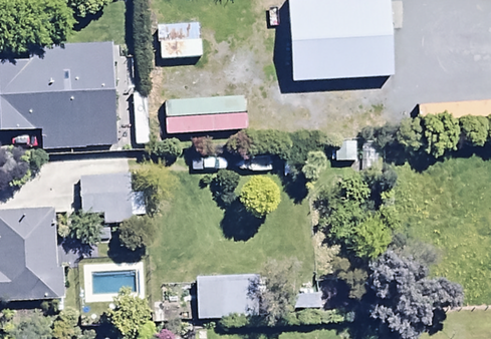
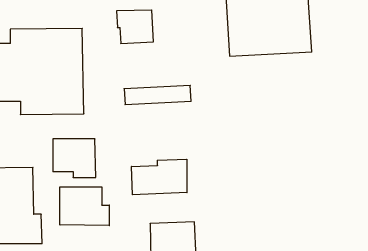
building: none -> [132,159,187,195]
building: none -> [60,187,109,226]

